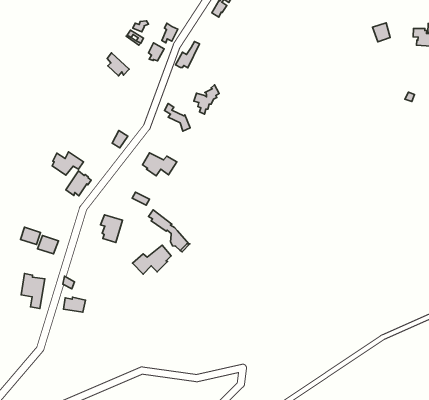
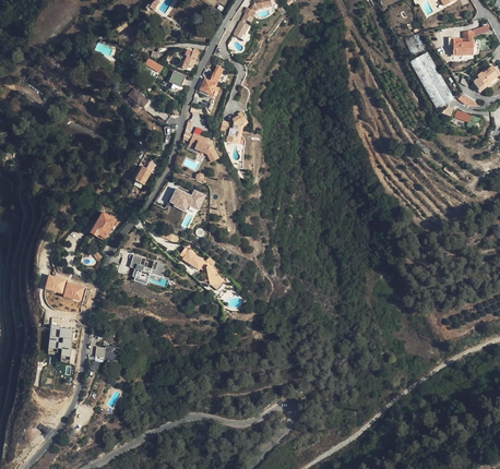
building: none -> [409,51,454,108]
building: [52,152,84,175] -> none
building: [133,245,171,274] -> none

